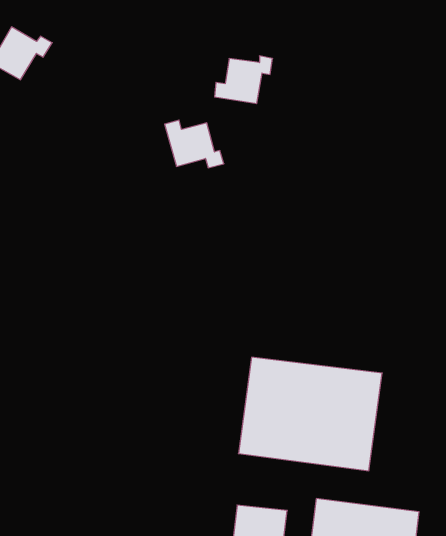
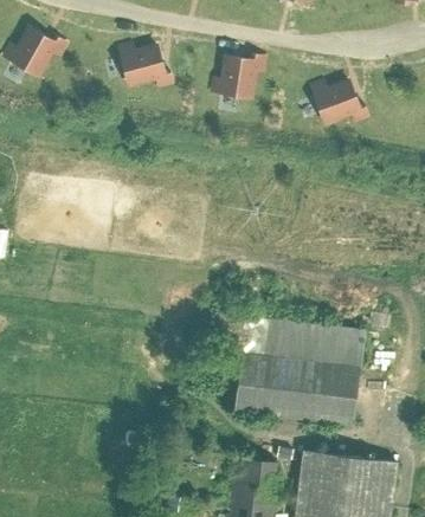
building: none -> [311,80,367,122]
building: [165,120,224,168] -> [118,43,172,85]

